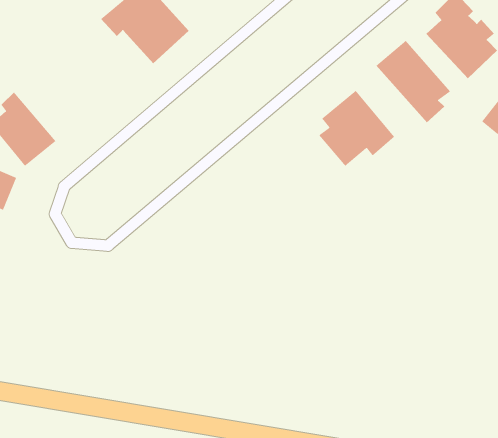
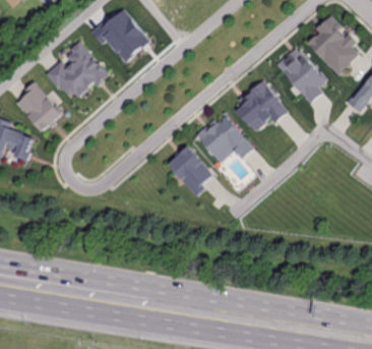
building: none -> [47,45,107,100]
building: none -> [197,116,254,163]
building: none -> [169,148,214,198]

